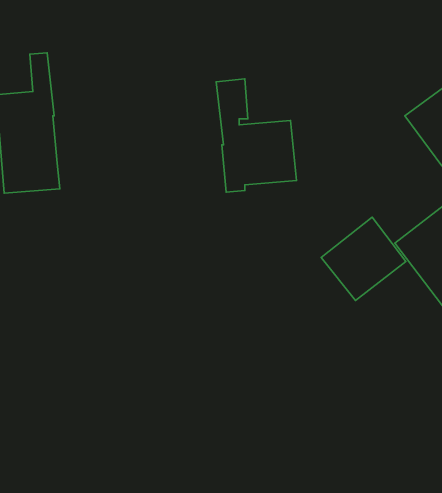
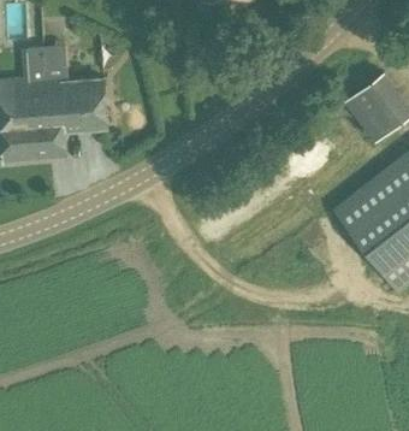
building: [216,79,296,192] -> [41,45,108,140]
building: [321,217,406,300] -> none

